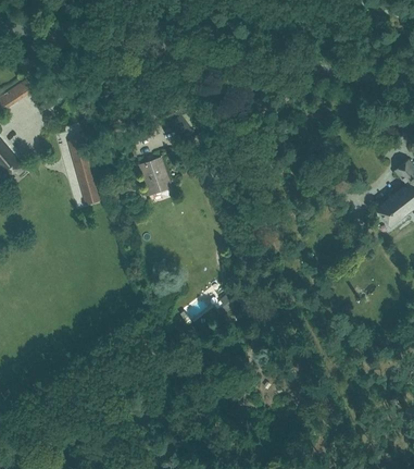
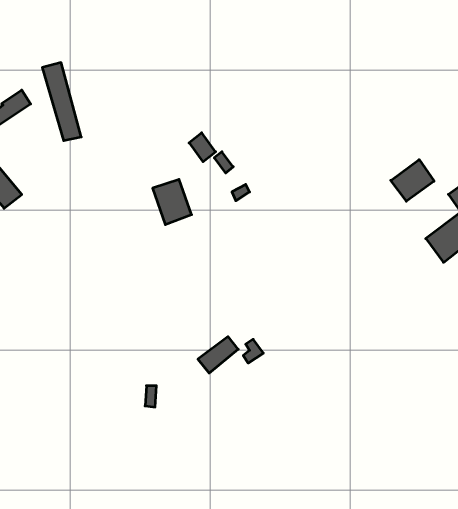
building: [66,136,100,203] -> [42,63,81,141]
building: none -> [391,160,434,201]

